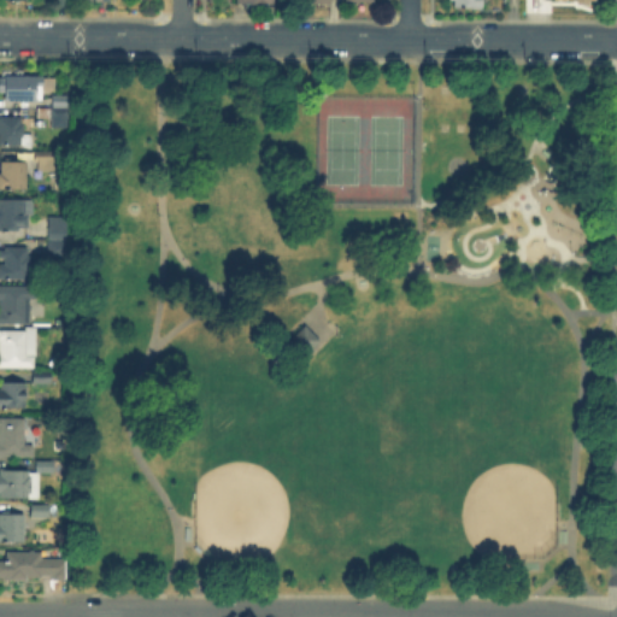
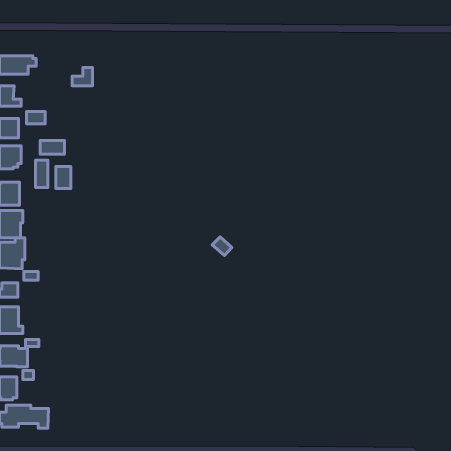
building: [39,95,66,121] -> [72,67,93,86]
building: none -> [40,141,64,154]
building: none -> [56,167,71,189]

